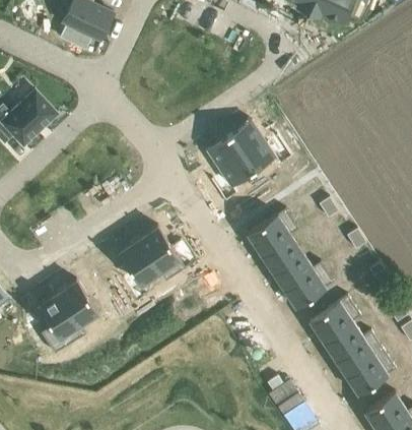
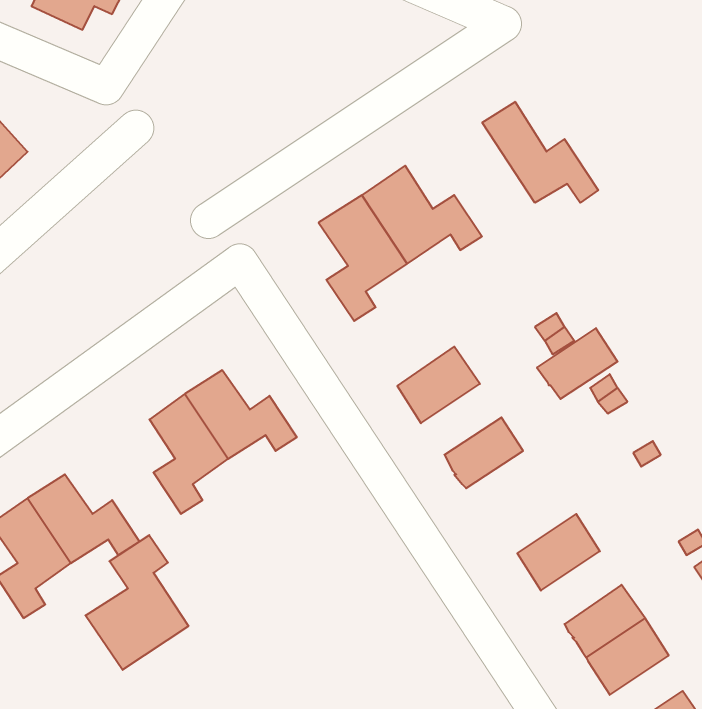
building: none -> [482,102,598,203]
building: [259,233,300,269] -> [537,328,618,399]
building: [282,267,325,306] -> none
building: none -> [85,535,188,670]
building: [321,319,362,357] -> none

